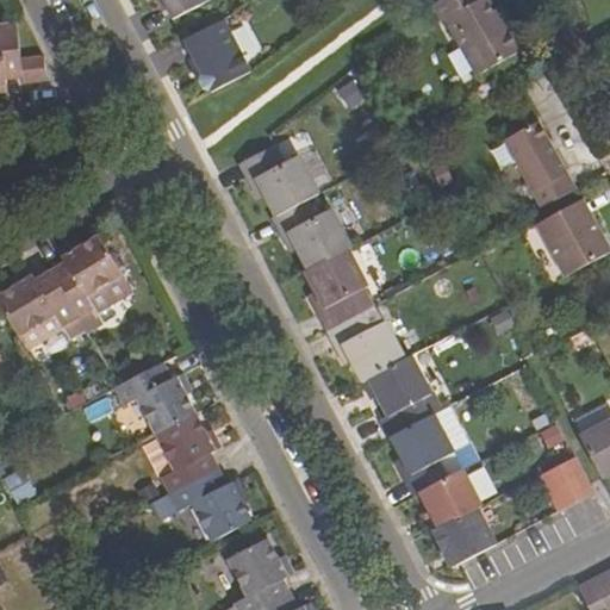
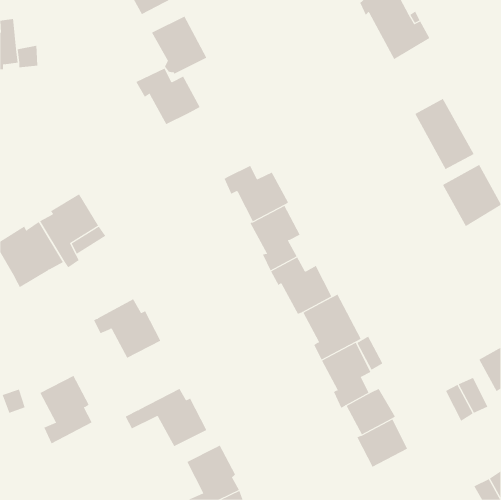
building: [238,145,317,214] -> [136,68,200,125]
building: [154,413,218,497] -> [40,375,93,444]

